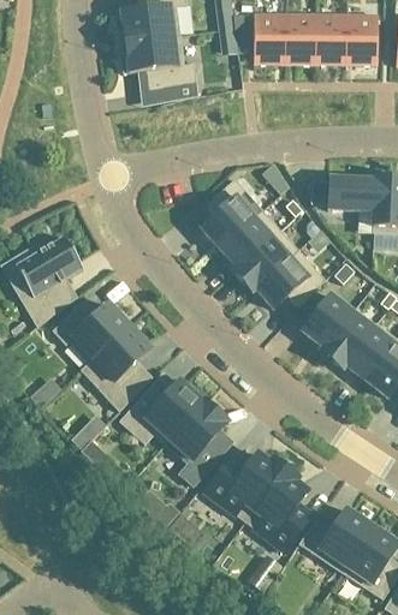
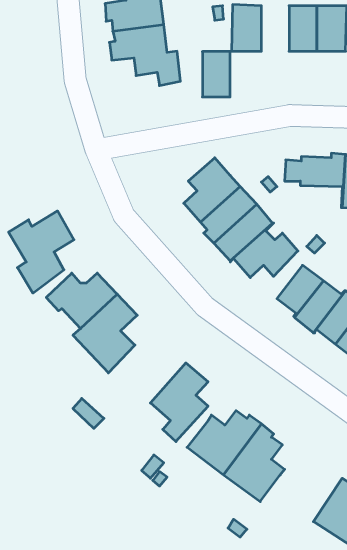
building: [285,13,315,62] -> [202,52,230,97]
building: [119,380,203,443] -> none
building: [298,507,373,572] -> none

